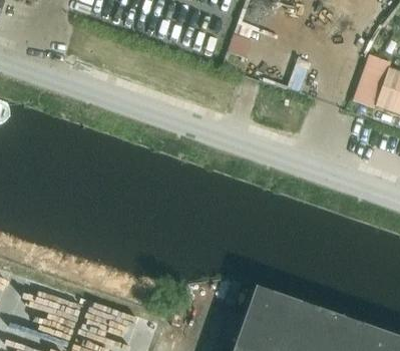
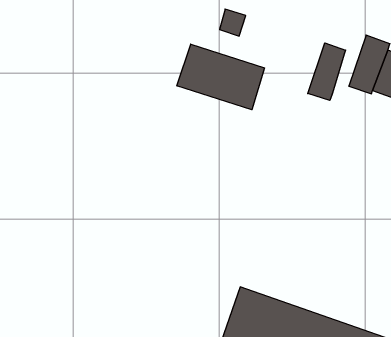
building: none -> [308,43,346,100]
building: none -> [177,44,264,110]

